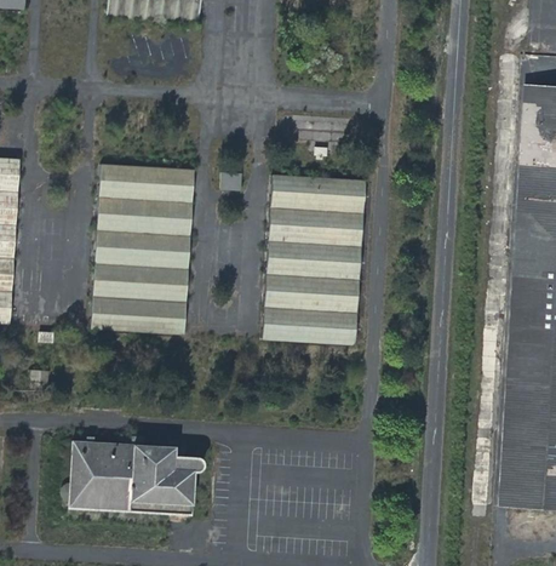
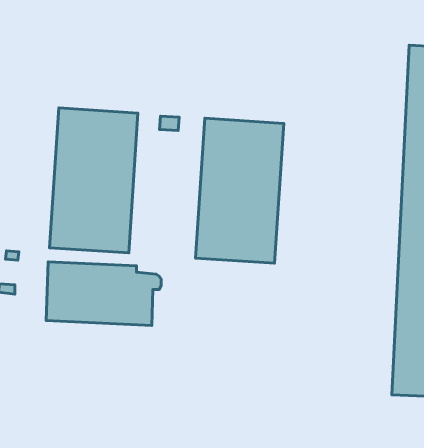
building: [67,436,202,511] -> [46,262,161,326]

